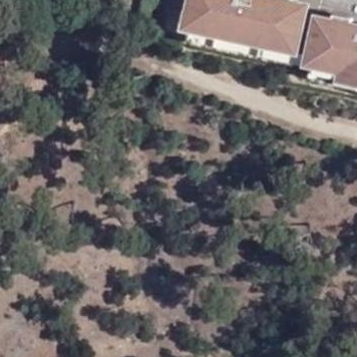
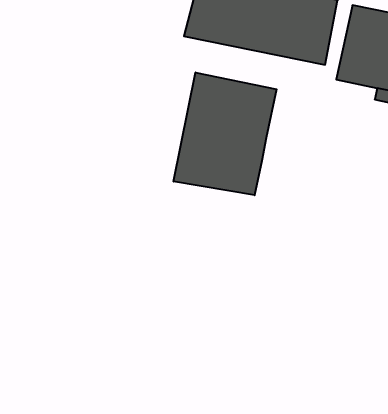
building: none -> [174,72,277,195]

